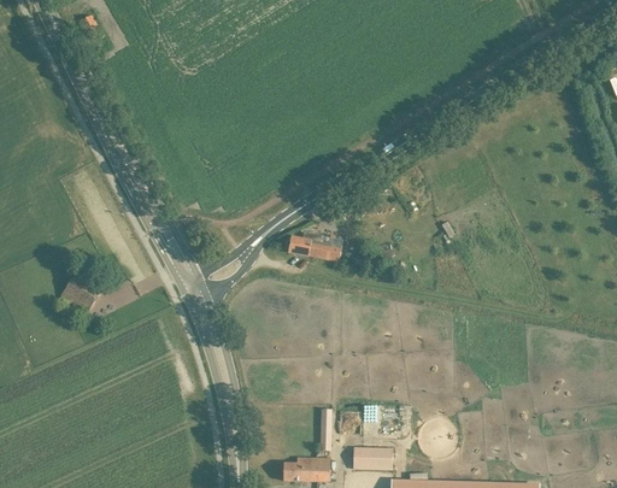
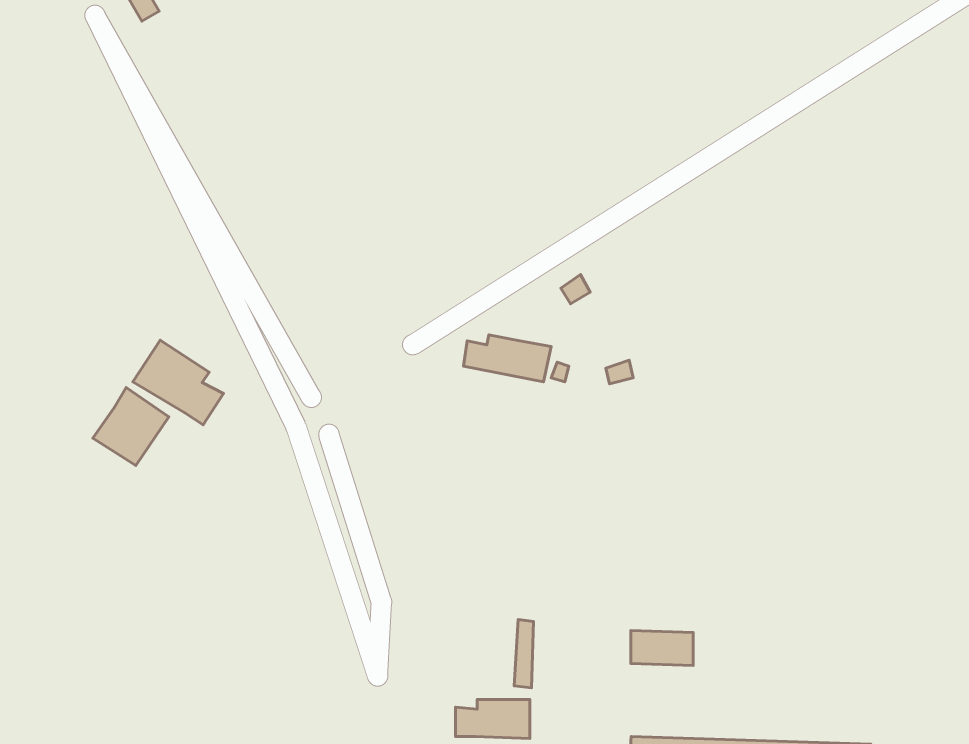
building: none -> [133,340,224,425]
building: [353,447,392,469] -> [631,631,693,666]

